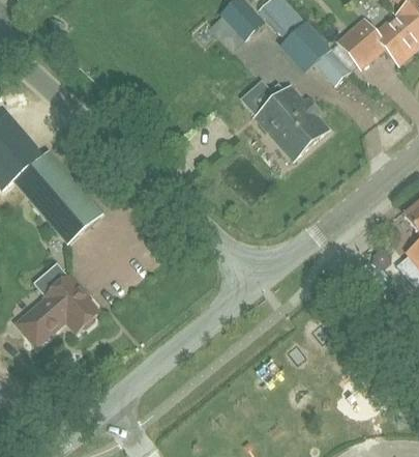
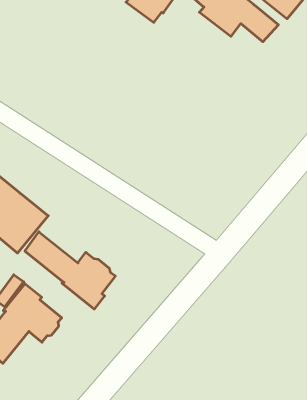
building: [240,76,328,159] -> none
building: none -> [25,232,115,309]

